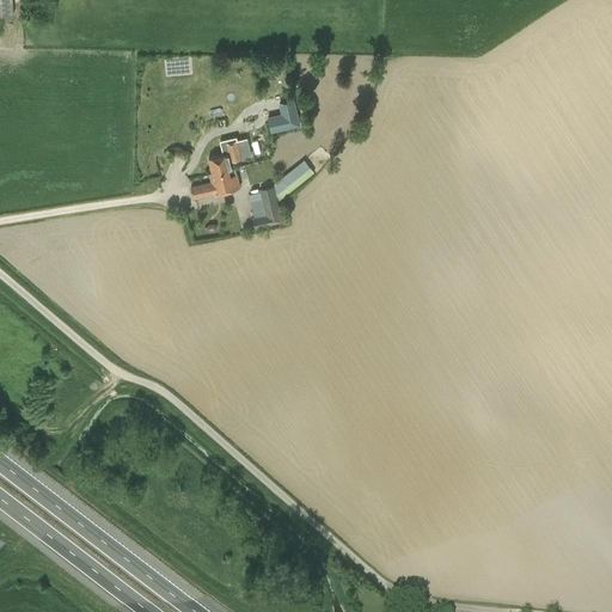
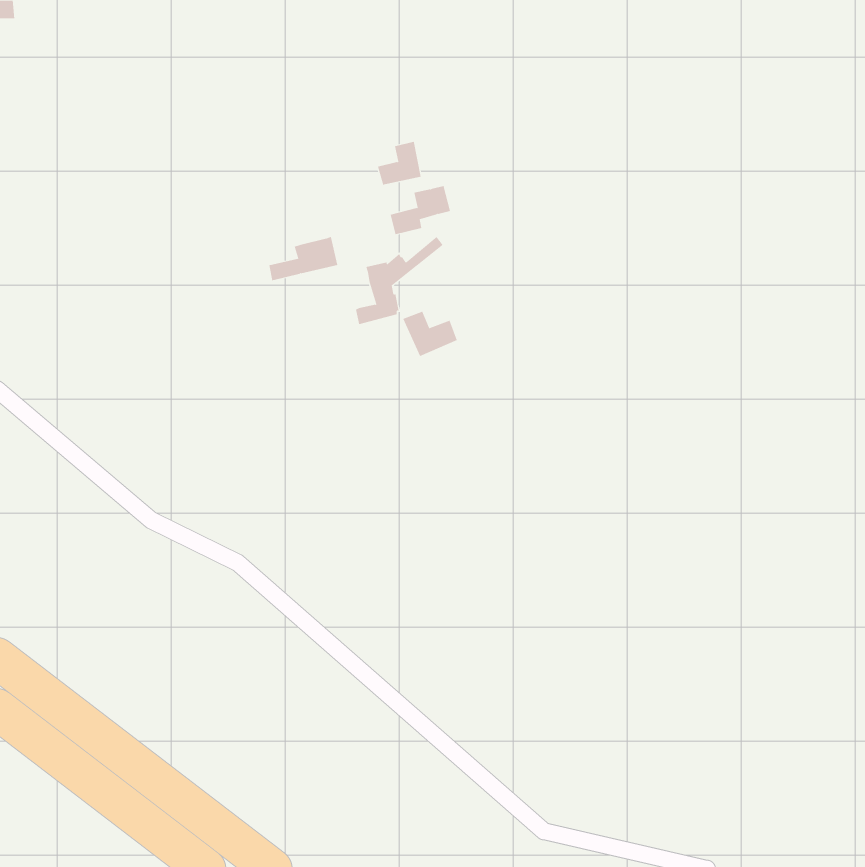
building: [207,139,250,173] -> [390,186,451,235]
building: none -> [402,311,458,357]

